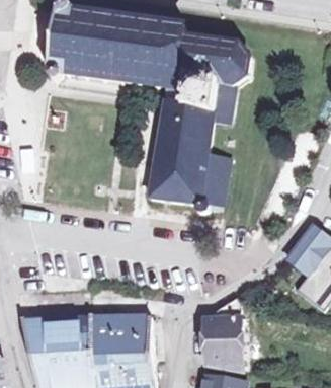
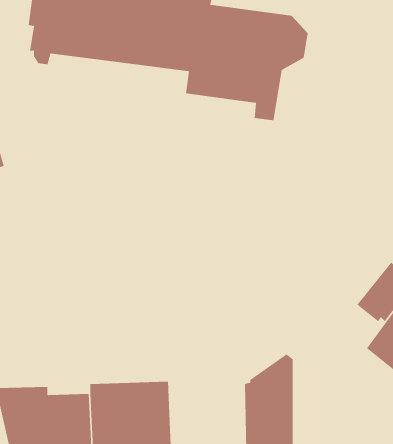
building: [145,102,228,214] -> none

